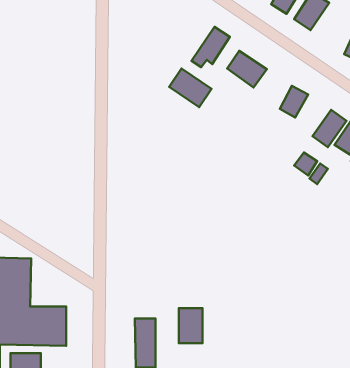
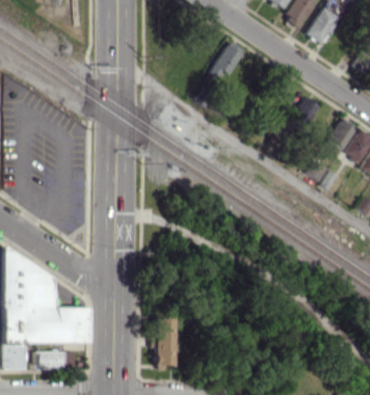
building: [227,51,267,87] -> none
building: [169,68,212,107] -> none
building: [179,308,203,343] -> none

